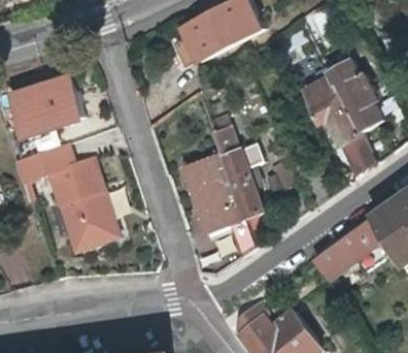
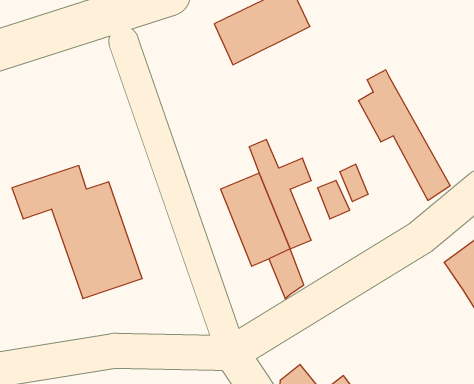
building: [325,56,388,157] -> none
building: [12,74,81,132] -> none
building: [312,219,385,282] -> none

